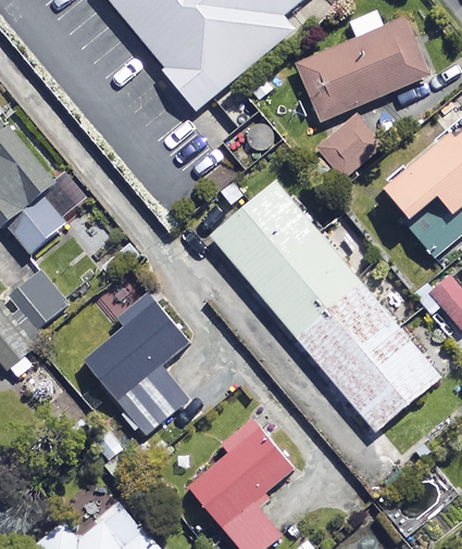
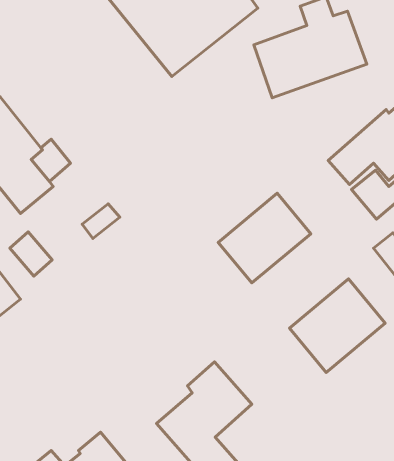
building: [317,119,379,179] -> none
building: [211,180,321,285] -> none
building: [292,276,401,382] -> none
building: [84,291,192,435] -> none

